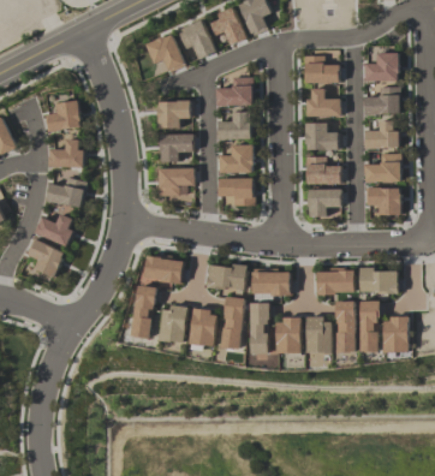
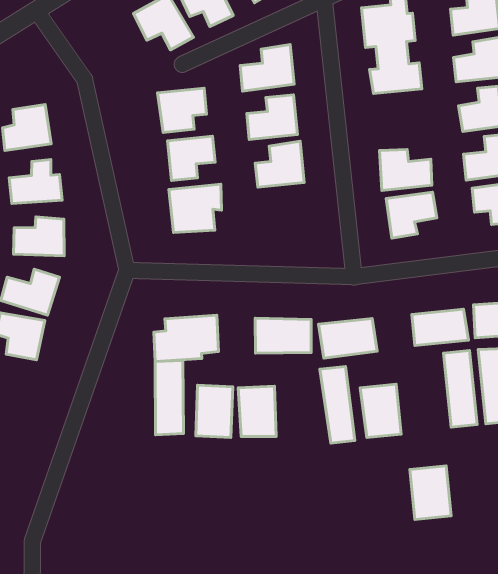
building: [305,123,339,150] -> none
building: [219,178,254,206] -> none
building: [222,297,244,349] -> none
building: [306,319,332,353] -> [410,466,451,520]

